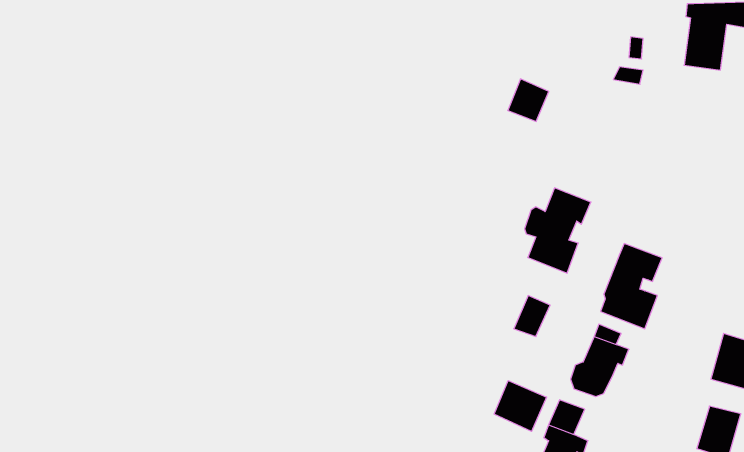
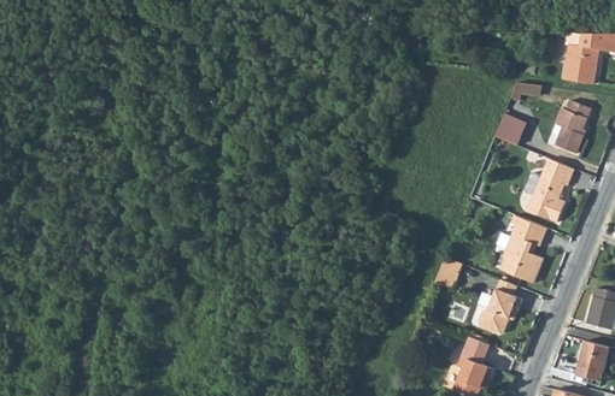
building: [508,79,549,121] -> [496,112,527,144]
building: none -> [546,99,588,153]
building: [525,188,591,273] -> [525,159,575,224]
building: [494,381,547,431] -> none

